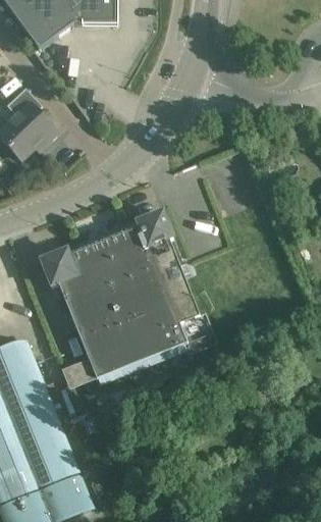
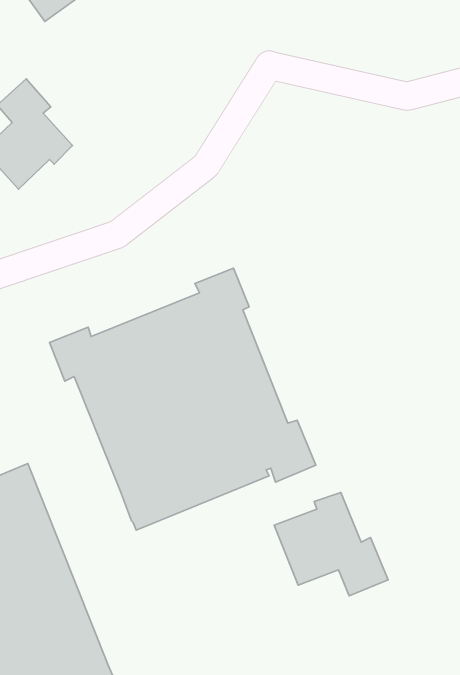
building: none -> [274,493,388,596]

